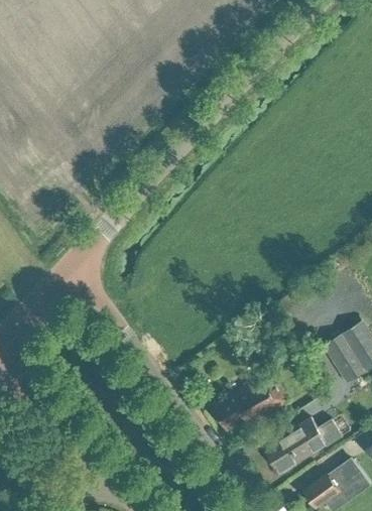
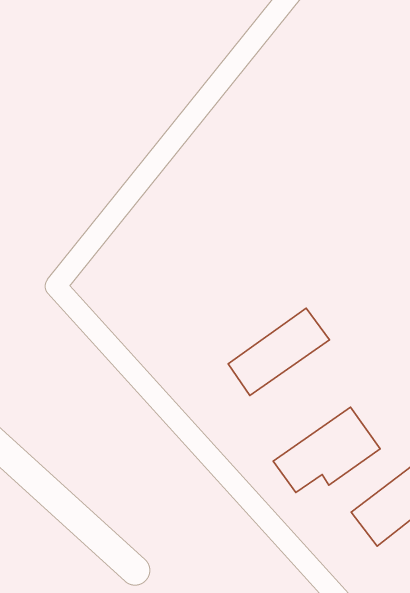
building: none -> [228,308,330,395]

